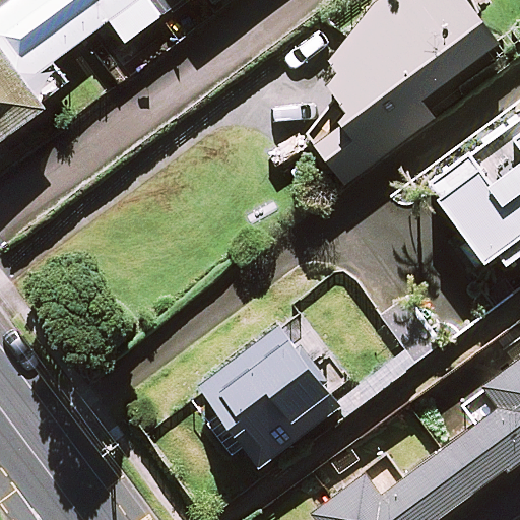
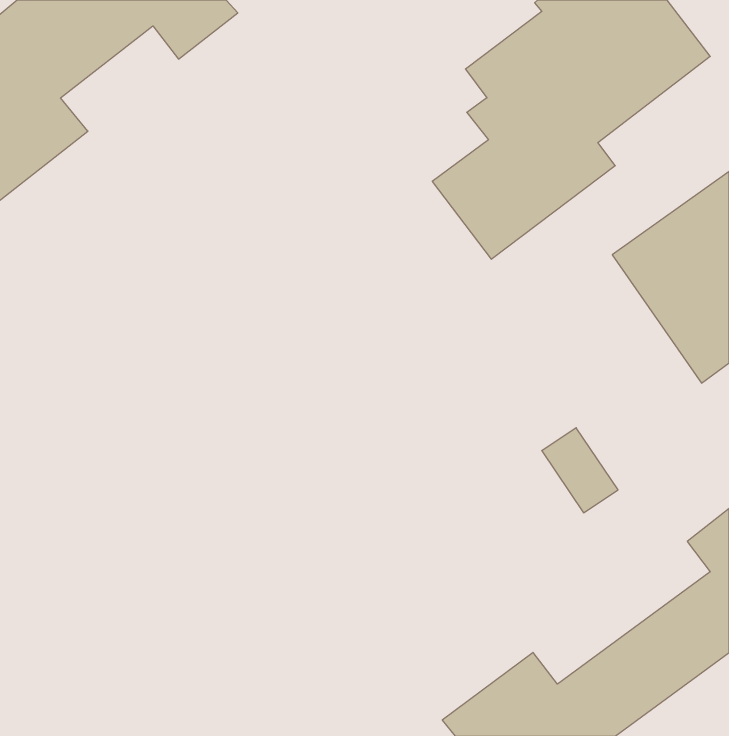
building: [202,320,348,465] -> none

